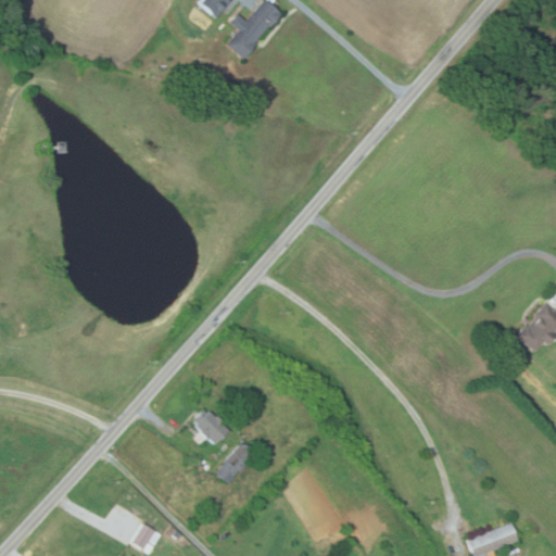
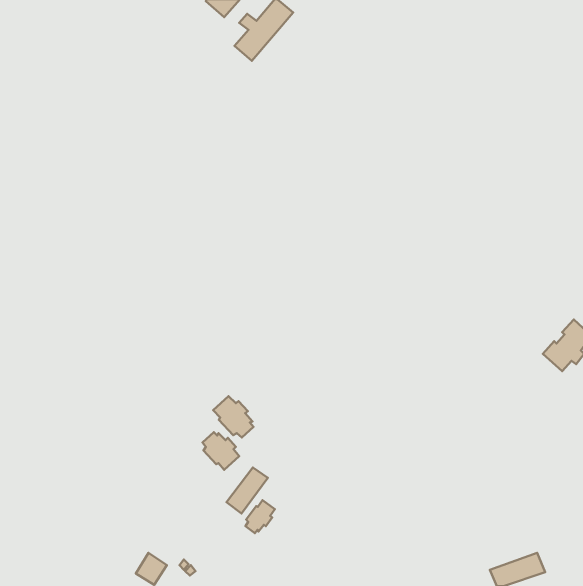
building: none -> [213,396,253,438]
building: none -> [245,500,275,533]

